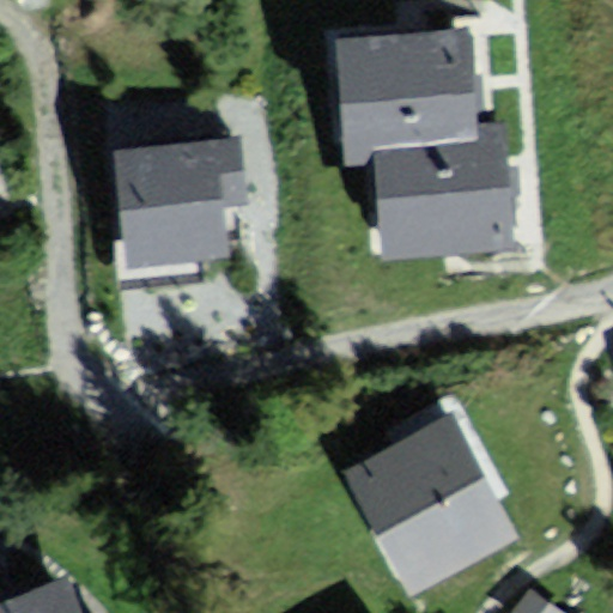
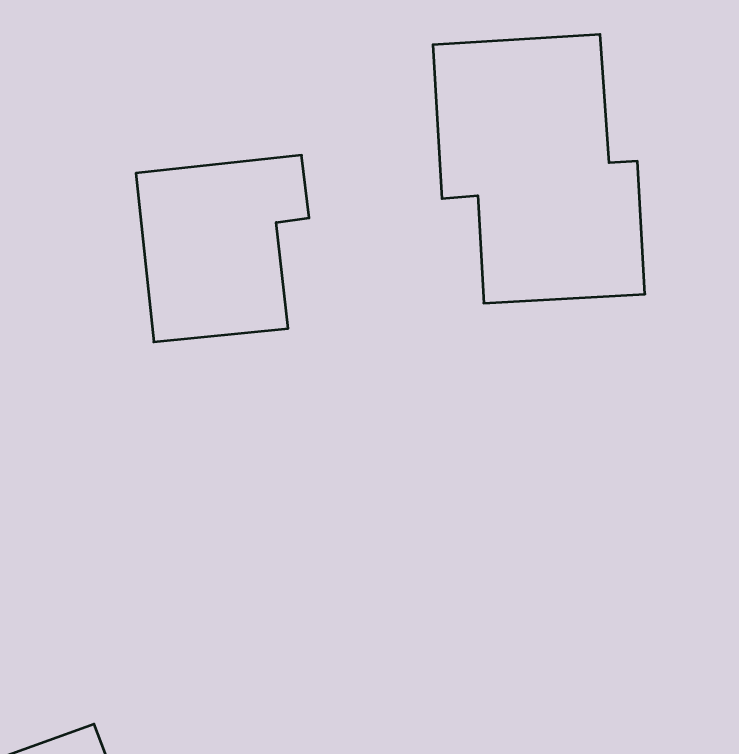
building: [348,417,515,593] -> none

